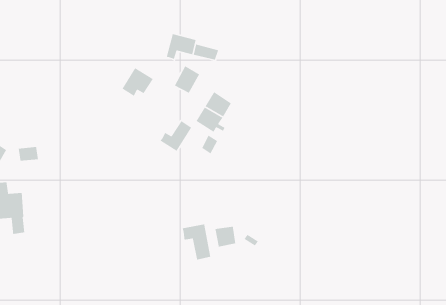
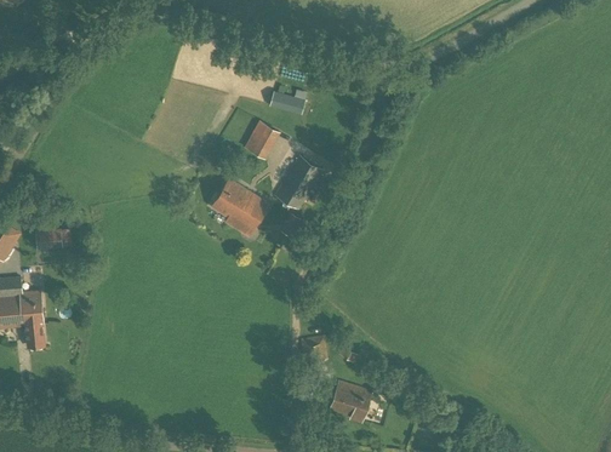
building: [166,33,197,60] -> none
building: [121,67,154,97] -> [210,178,253,218]
building: [182,224,211,260] -> none
building: none -> [327,381,372,424]

